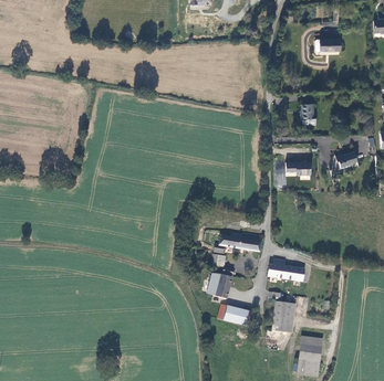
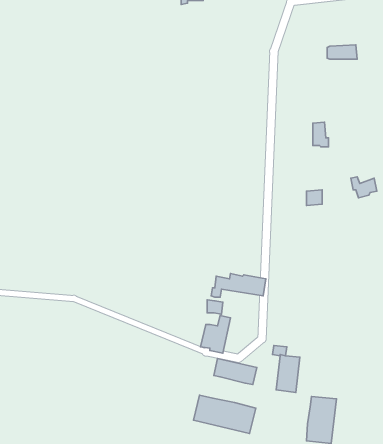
building: [267,258,304,282] -> none
building: none -> [193,395,256,433]

